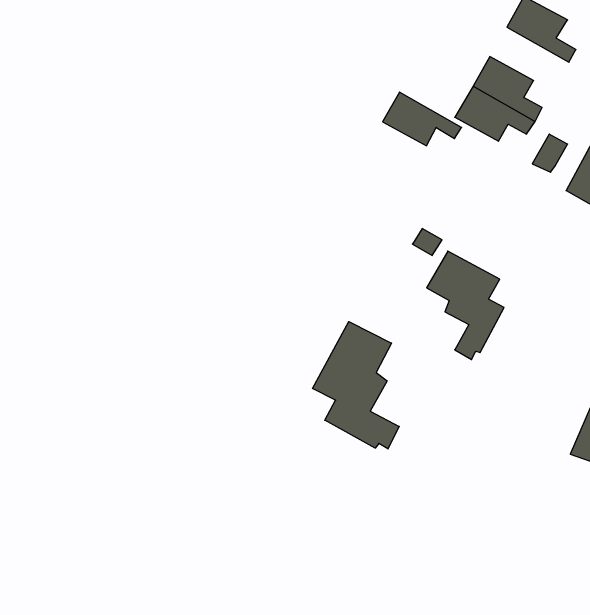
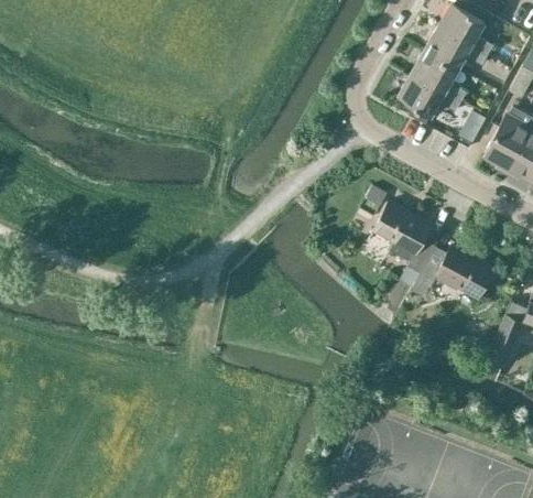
building: [383,92,462,146] -> [424,30,486,72]
building: none -> [416,248,493,301]
building: [313,322,399,449] -> none

